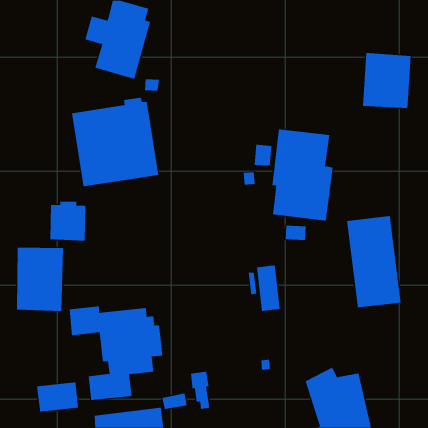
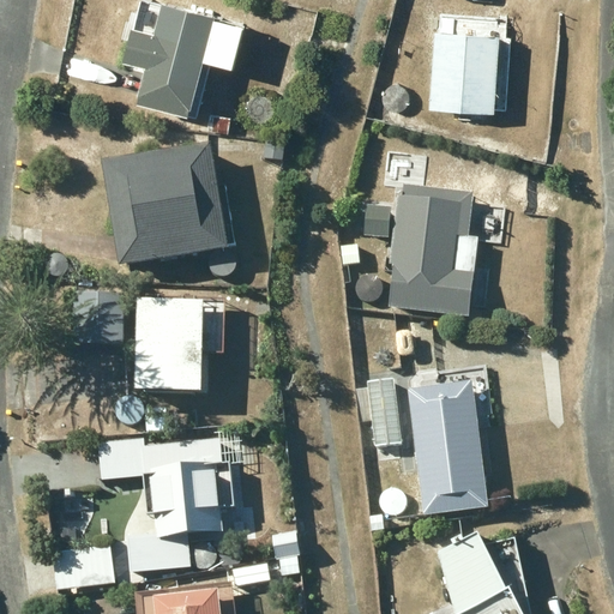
building: [362,52,411,109] -> [428,29,499,109]
building: [346,216,402,308] -> [408,384,487,516]
building: [16,247,64,312] -> [134,302,203,395]

